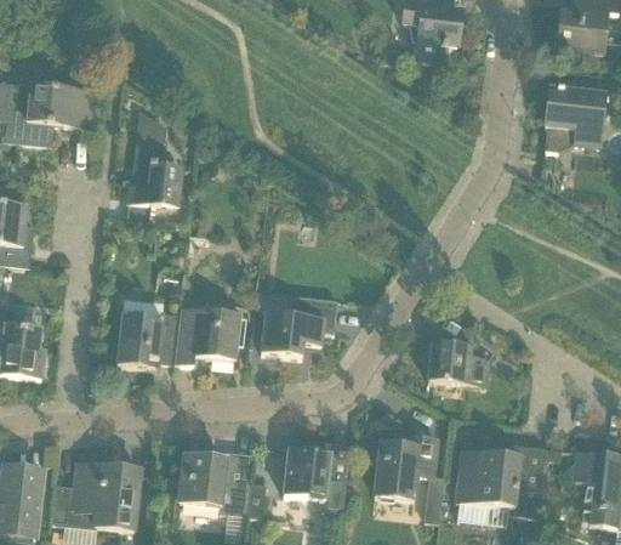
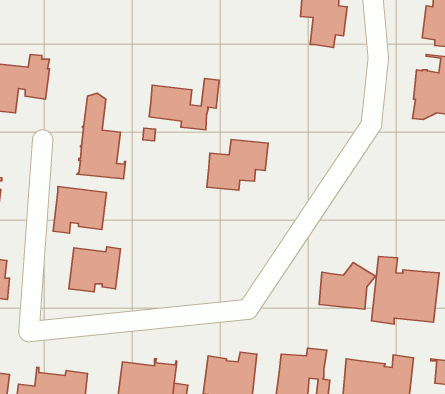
building: none -> [149,78,219,130]
building: [262,291,338,354] -> [207,139,268,190]
building: [175,305,241,363] -> [53,187,107,233]
building: none -> [371,257,439,324]

